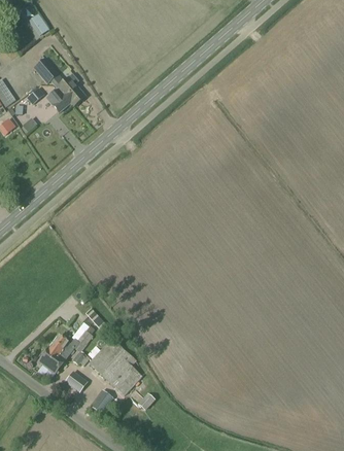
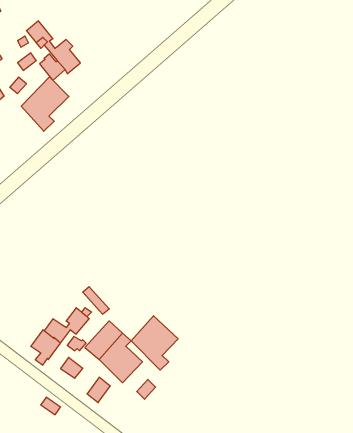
building: none -> [21,77,69,131]
building: none -> [131,316,178,370]

